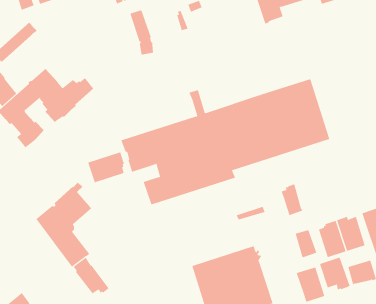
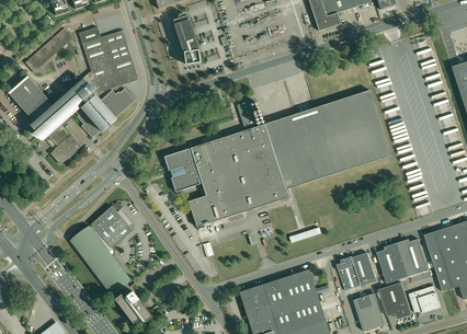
building: none -> [79,26,138,92]
building: [88,152,125,183] -> none
building: [281,184,303,216] -> [337,255,361,290]

